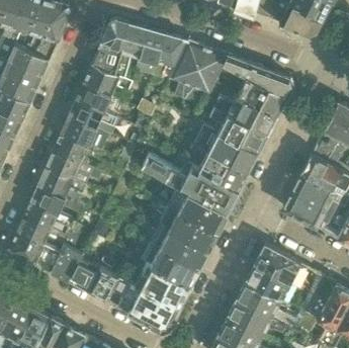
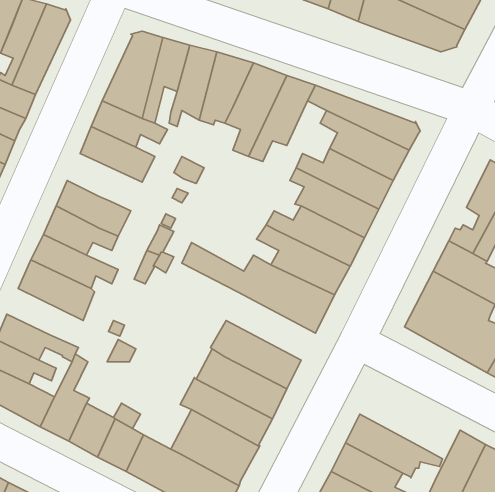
building: [69,98,116,135] -> none
building: [30,184,84,213] -> none
building: [168,186,228,230] -> none
building: [255,245,306,285] -> none

